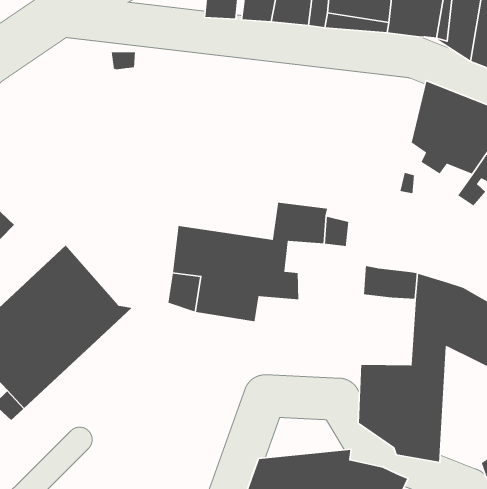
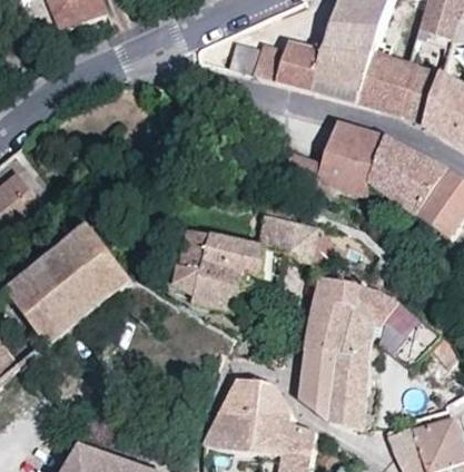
building: none -> [282,125,385,198]
building: none -> [307,295,355,353]
building: none -> [220,374,292,411]

